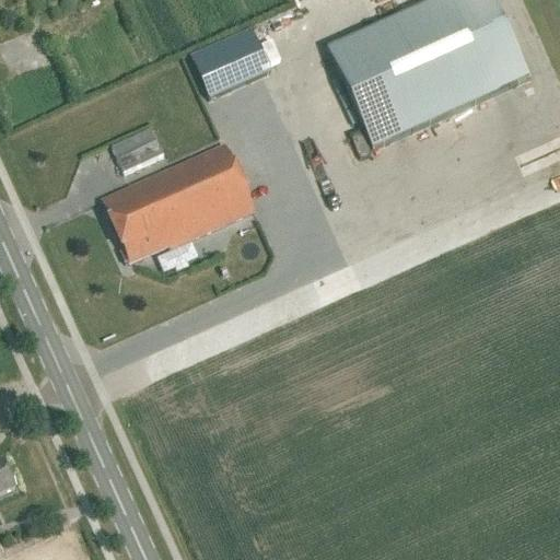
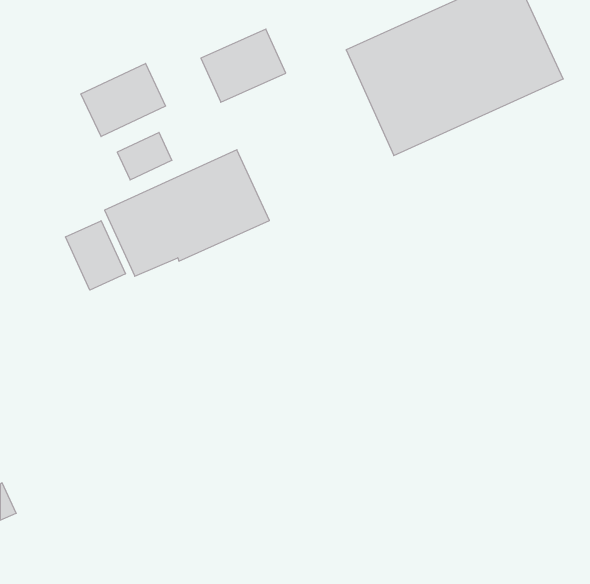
building: none -> [81,63,166,137]
building: none -> [66,221,125,290]

